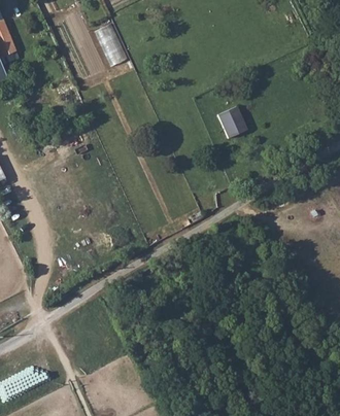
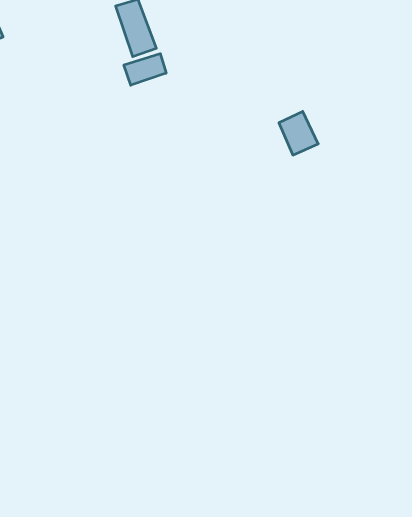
building: none -> [124,54,166,85]

